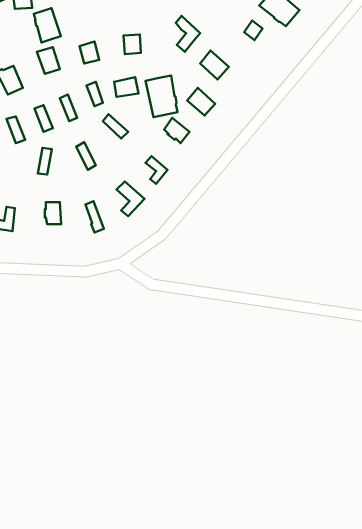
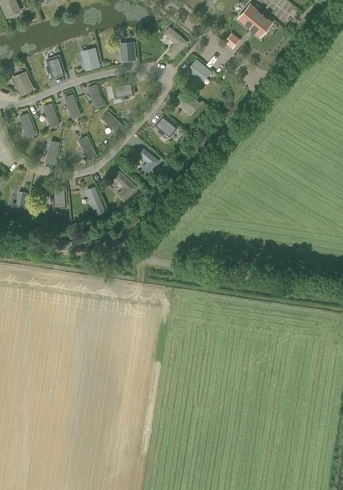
building: [34,8,61,42] -> none
building: [145,75,177,117] -> none

